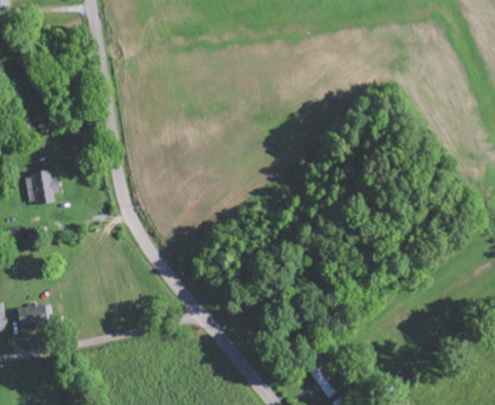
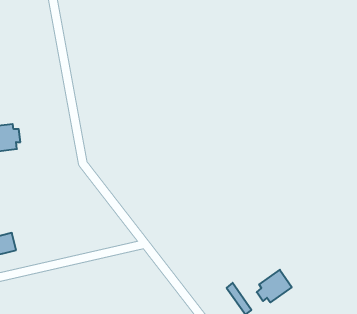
building: none -> [257,270,292,302]

